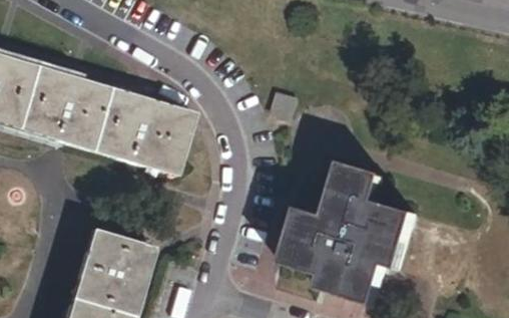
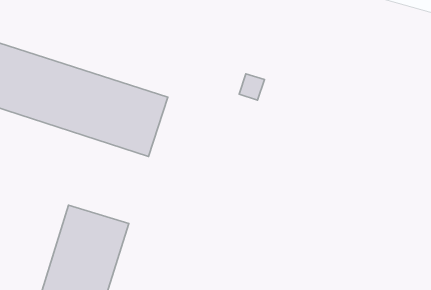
building: [284,161,414,303] -> none

